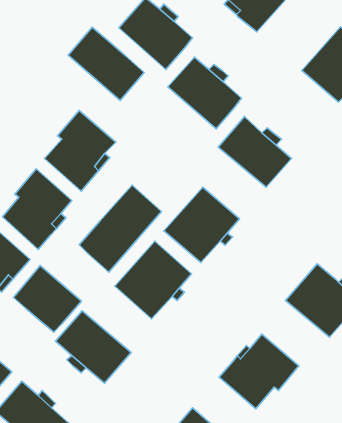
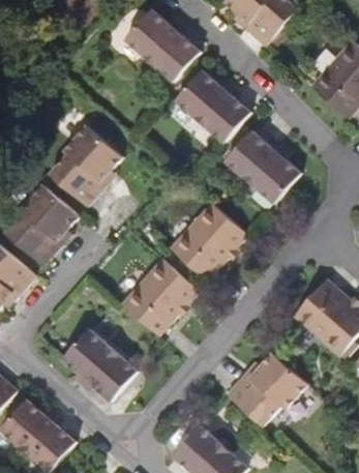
building: [68,27,144,100] -> none
building: [79,185,162,272] -> none
building: [13,266,82,332] -> none

